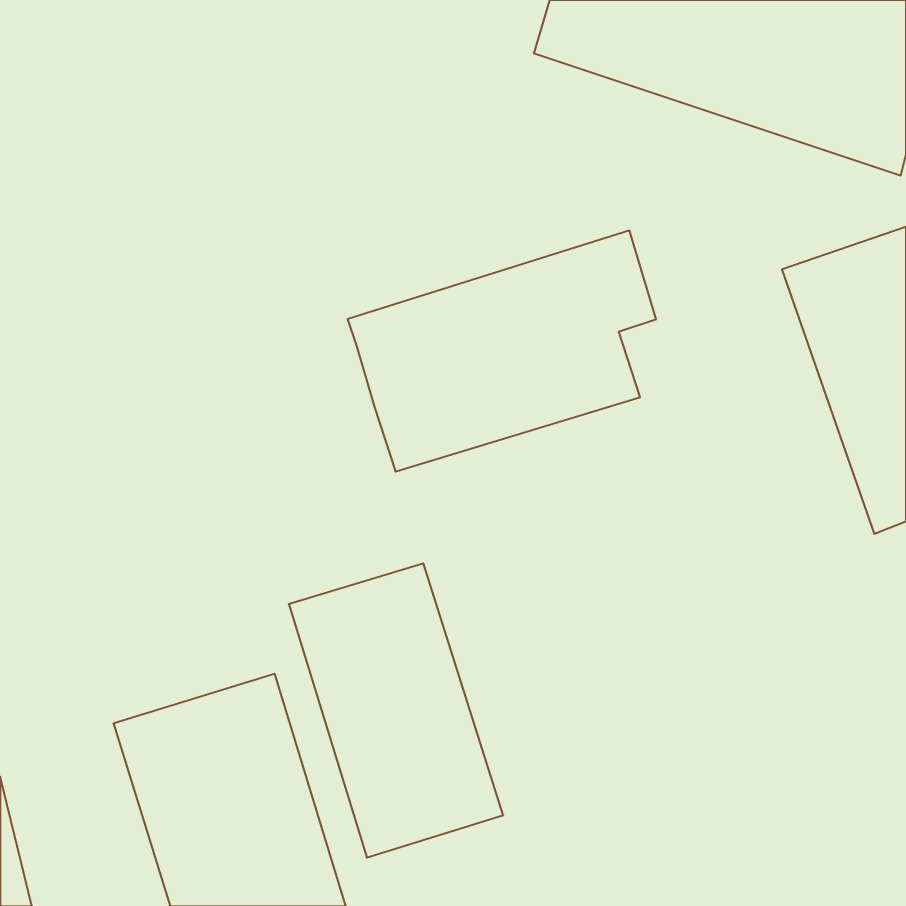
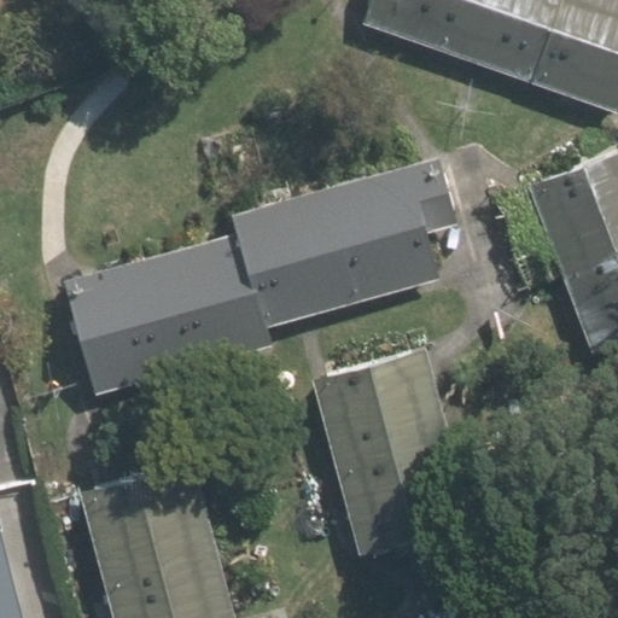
building: none -> [78,235,273,385]
building: [289,563,503,858] -> [315,349,461,549]

